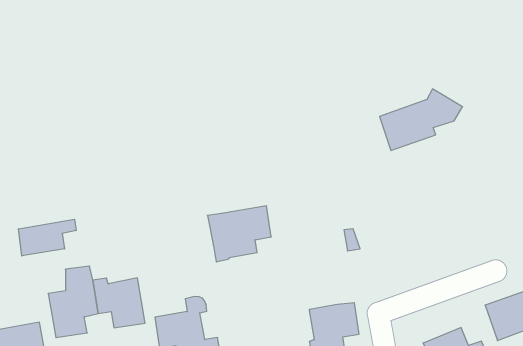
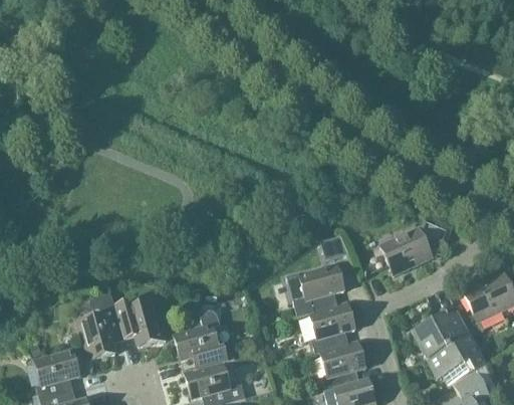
building: [380,89,463,151] -> [380,216,453,274]
building: [207,206,271,262] -> [286,262,344,317]
building: [19,219,76,256] -> none

